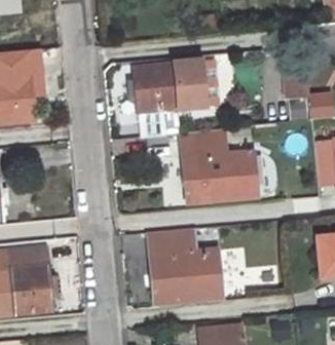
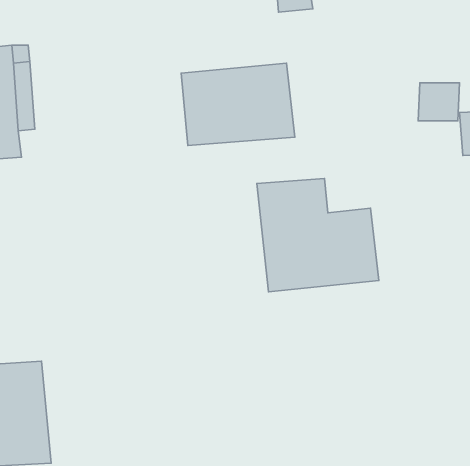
building: [151,231,220,302] -> none

